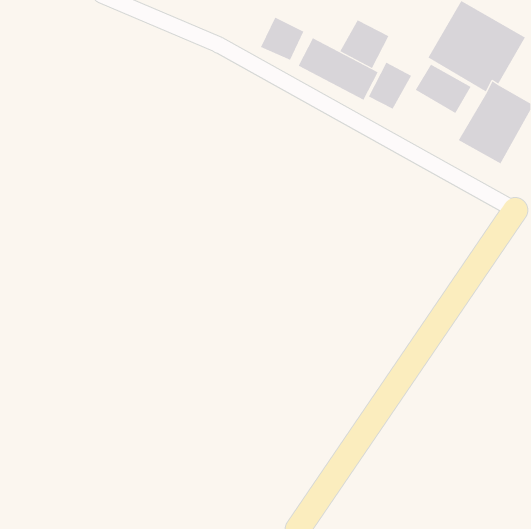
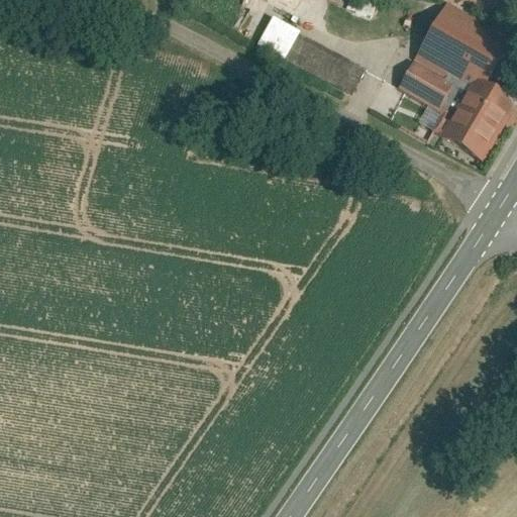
building: [339,19,389,69] -> none
building: [368,62,412,110] -> none

